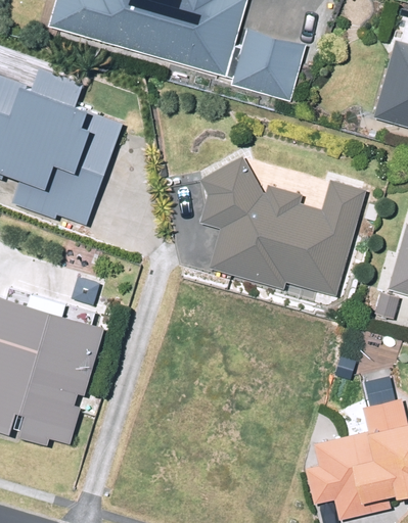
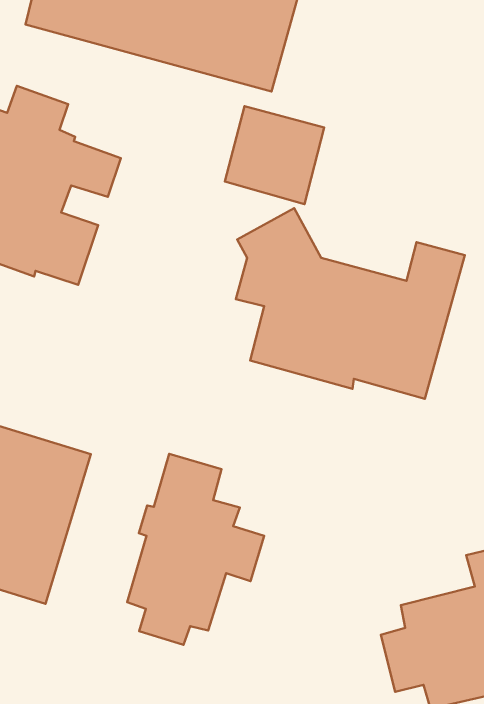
building: [232,30,304,100] -> [225,106,324,204]
building: none -> [127,454,264,645]

